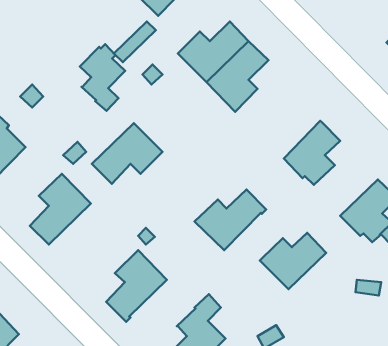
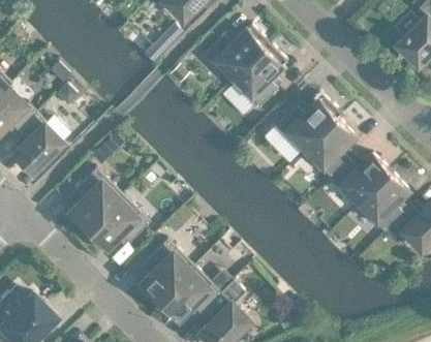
building: [80,44,125,111] -> none
building: [92,123,162,184] -> [83,196,149,253]
building: [194,190,266,250] -> [275,97,342,154]
building: [260,233,326,289] -> [329,155,391,208]
building: none -> [158,268,220,320]

